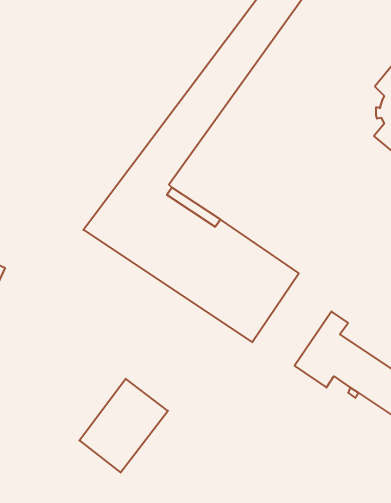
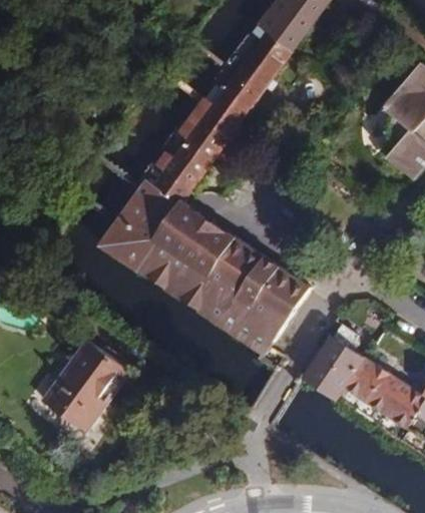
building: [79,379,168,473] -> [41,341,127,432]

